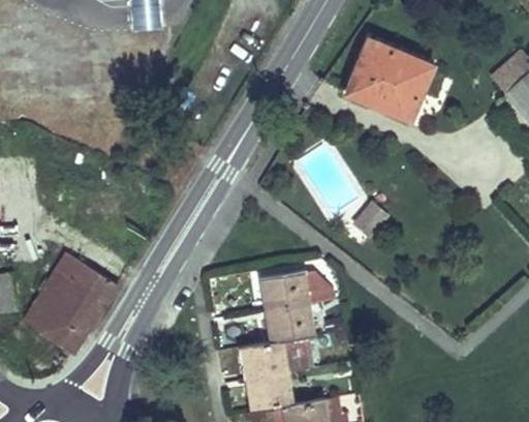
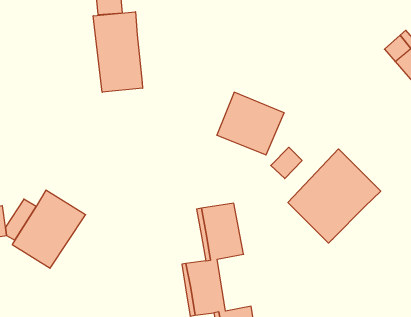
building: none -> [93,12,143,92]
building: [350,40,435,119] -> [217,92,284,155]
building: none -> [288,149,381,243]

